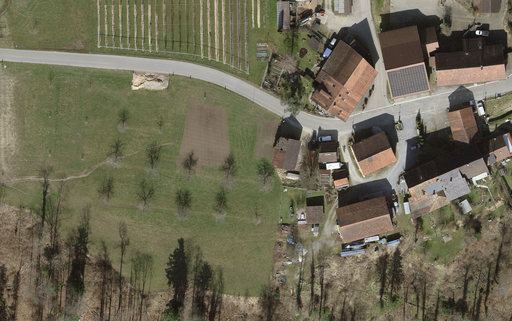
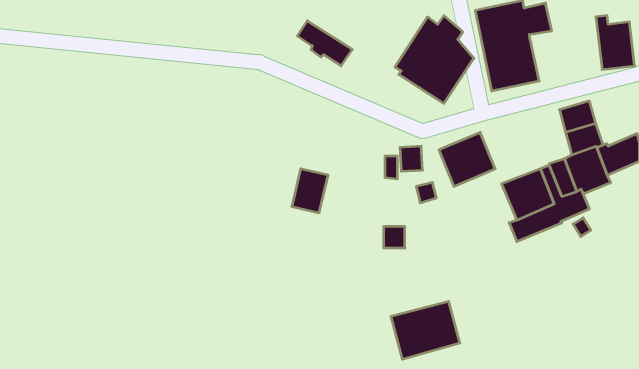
building: [427,39,480,86] -> none
building: [310,85,354,121] -> [297,21,352,66]
building: [271,135,300,170] -> [292,169,328,213]
building: [338,196,393,242] -> [391,301,460,359]

